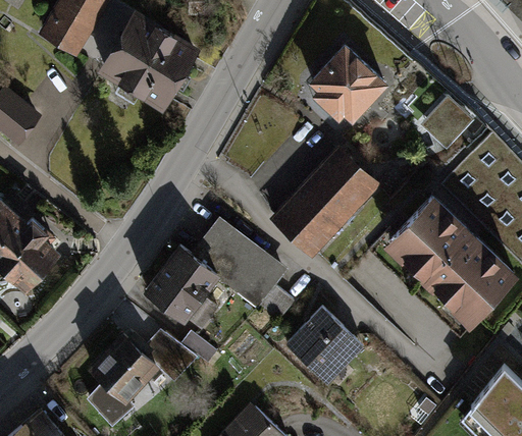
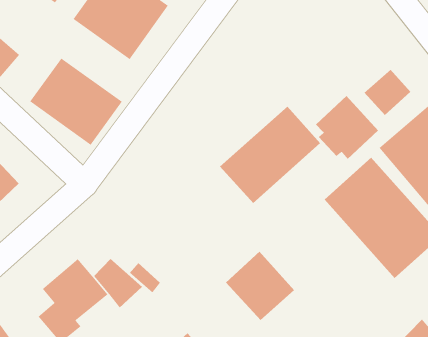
building: [315,47,385,117] -> [315,95,379,160]
building: none -> [29,57,123,146]
building: [144,219,296,324] -> none

